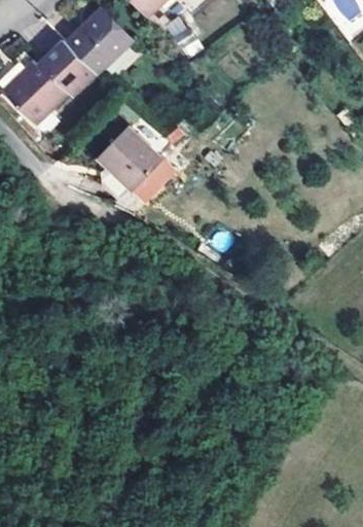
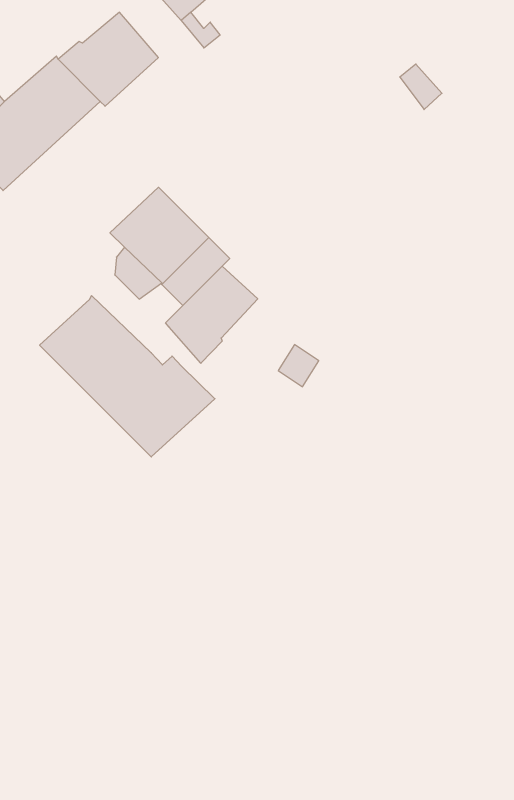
building: none -> [166,266,258,363]
building: none -> [40,296,215,457]

